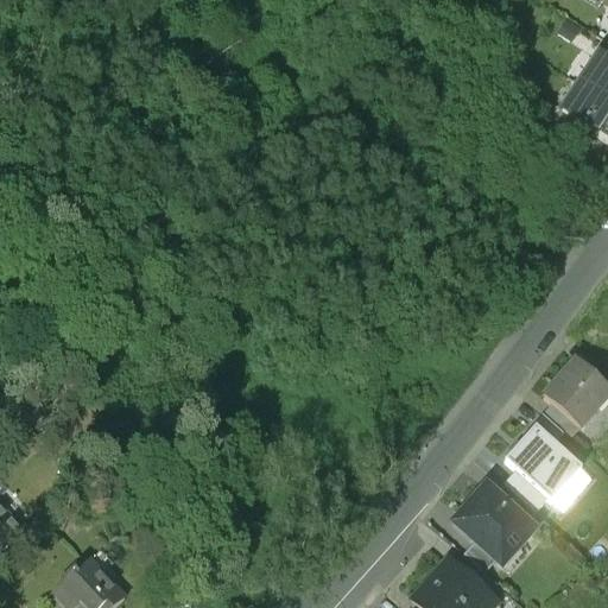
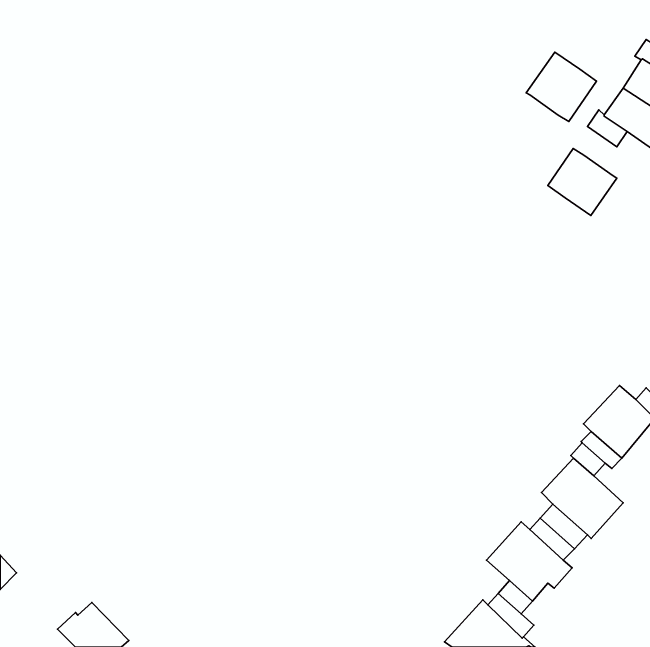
building: none -> [526,52,596,121]
building: none -> [548,149,617,215]

